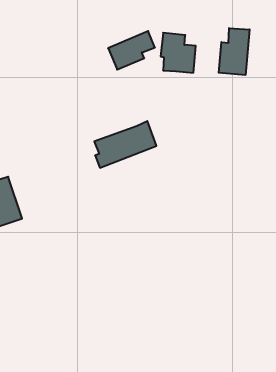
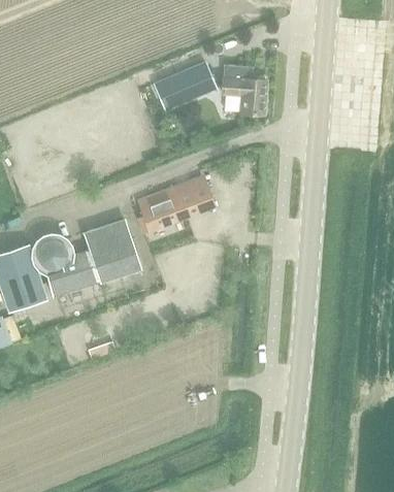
building: [219,28,250,75] -> none
building: none -> [36,219,140,295]

